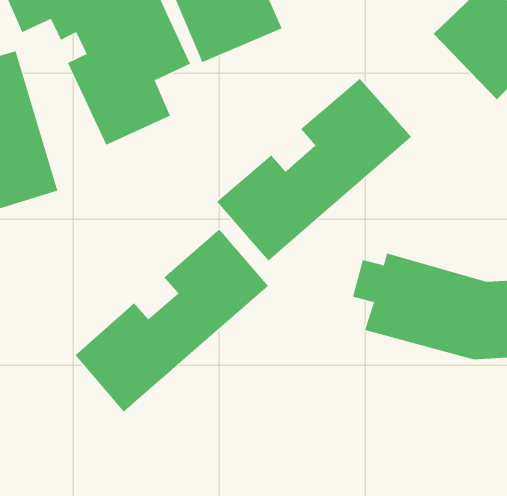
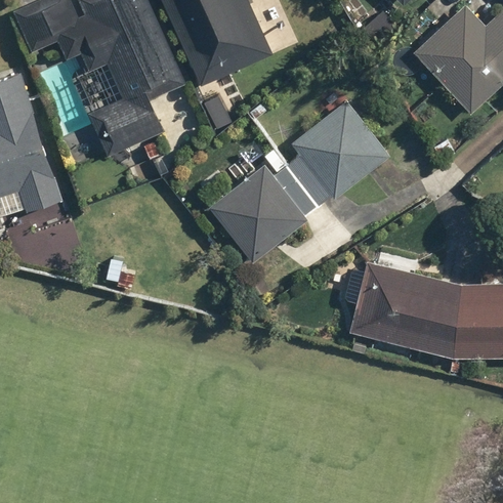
building: [75,229,269,412] -> none

